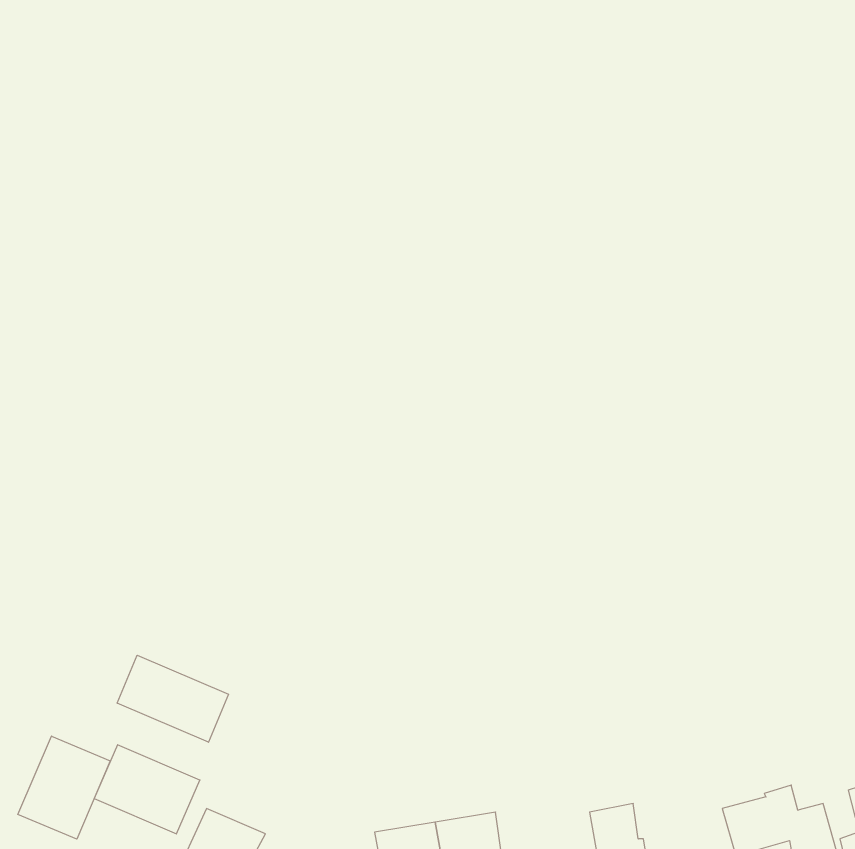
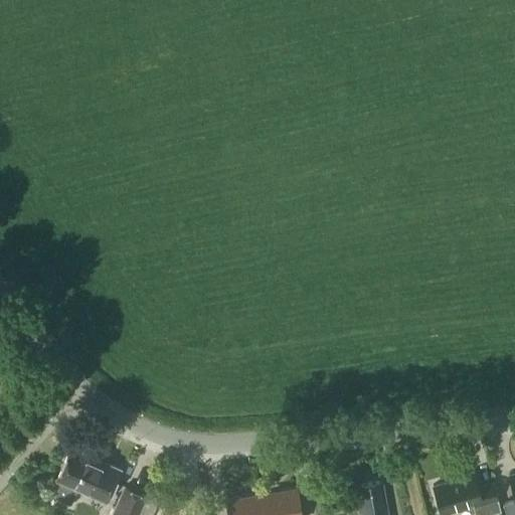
building: [117,655,228,742] -> none
building: [18,736,110,839] -> none

